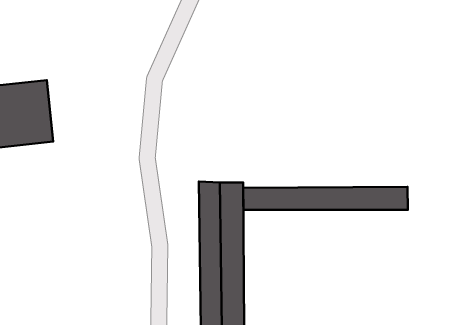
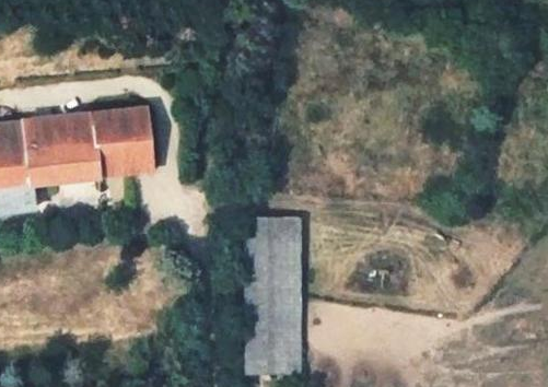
building: none -> [93,107,154,176]
building: [243,187,408,210] -> none

